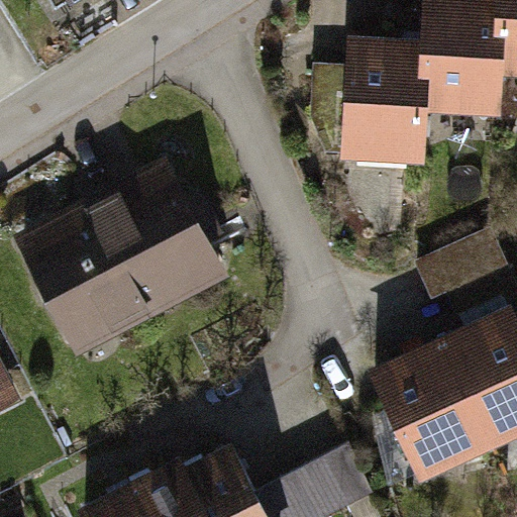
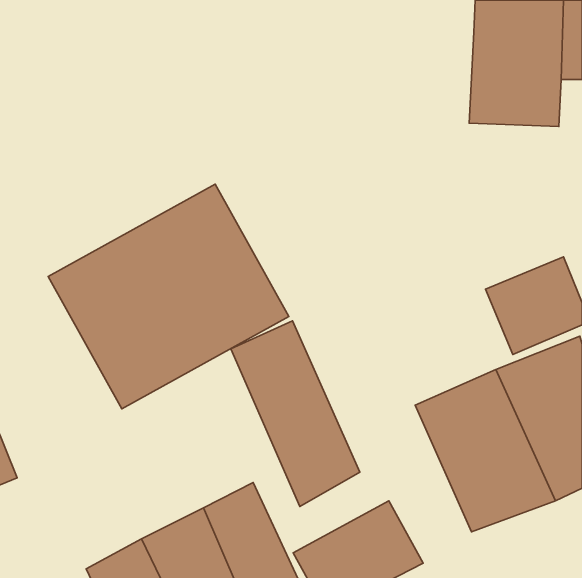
building: [339,32,416,161] -> none
building: none -> [231,321,360,506]

